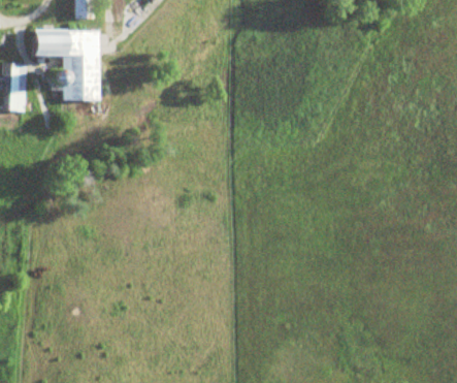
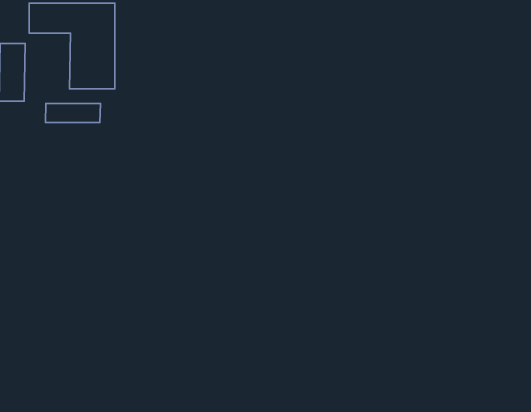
building: none -> [45,103,100,123]

